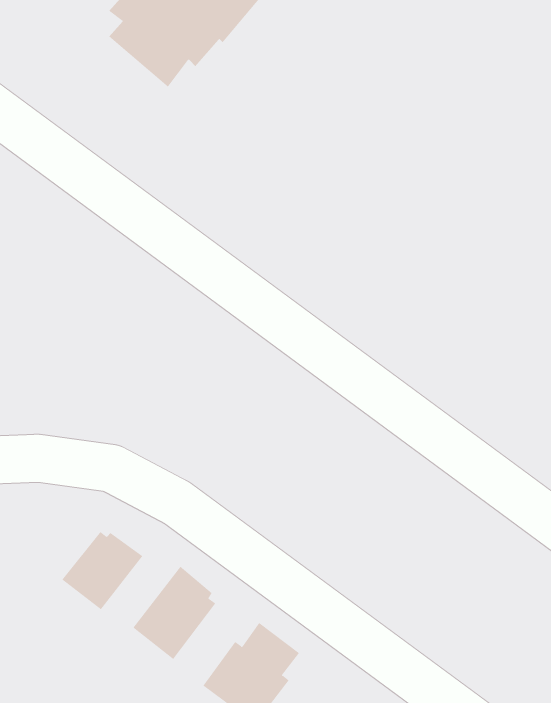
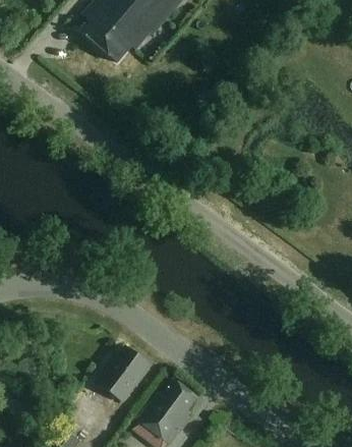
building: [61,531,143,610] -> none

